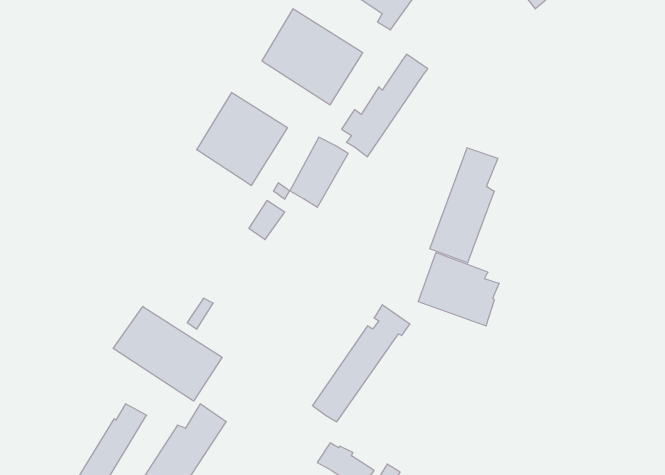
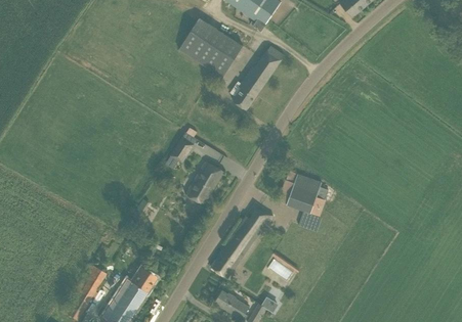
building: [197,92,287,186] -> none
building: [290,137,348,207] -> [186,159,223,203]
building: [430,148,498,263] -> none
building: [113,306,222,401] -> none

